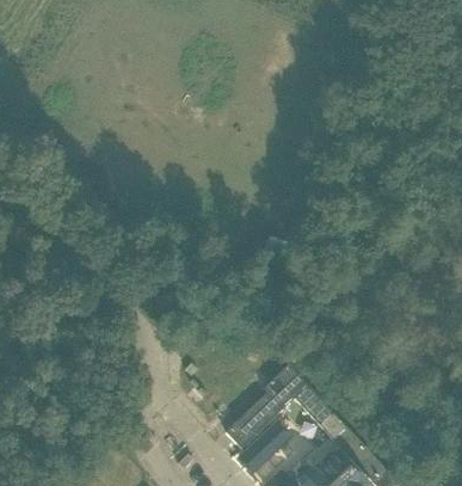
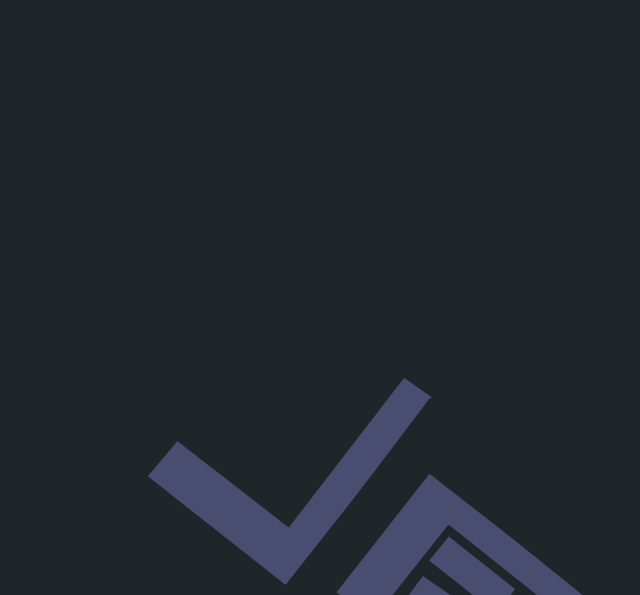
building: none -> [147,377,433,586]

